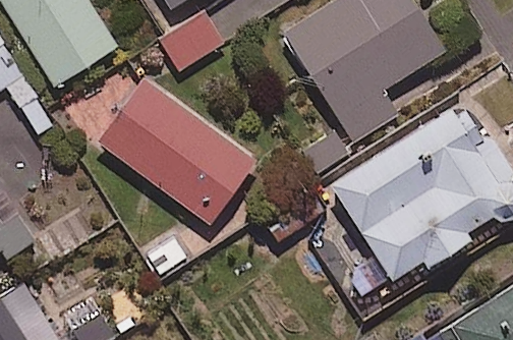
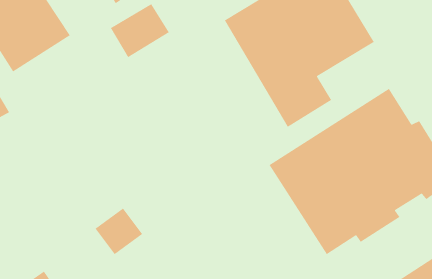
building: [97,78,256,223] -> none

